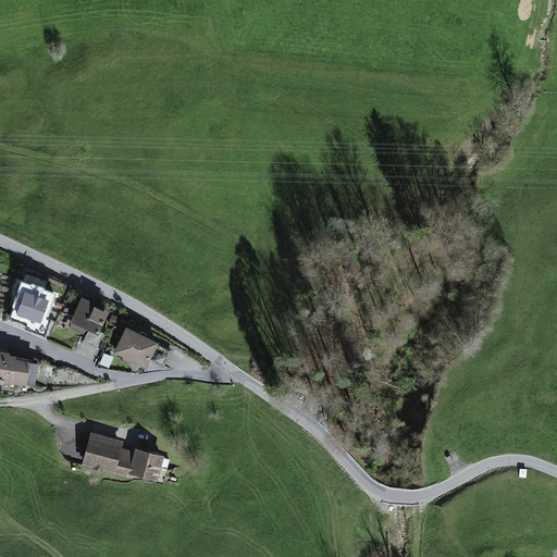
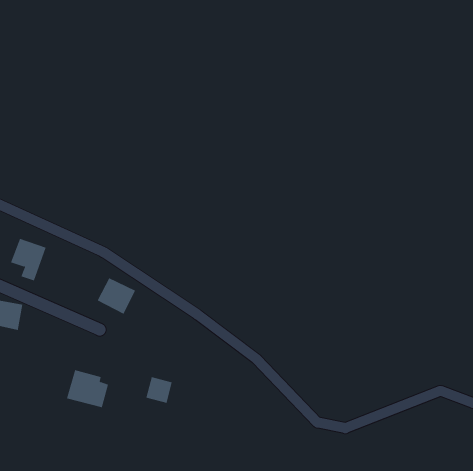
building: [67,297,109,335] -> none
building: [131,448,162,480] -> [146,377,173,404]

